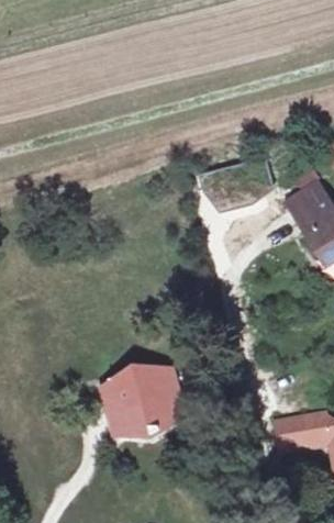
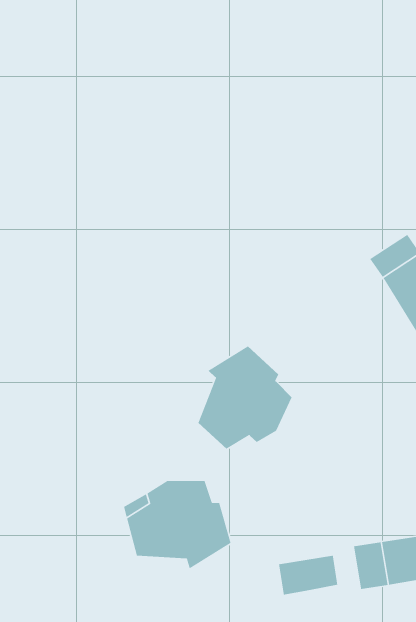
building: none -> [197,345,293,450]
building: none -> [278,555,338,595]

